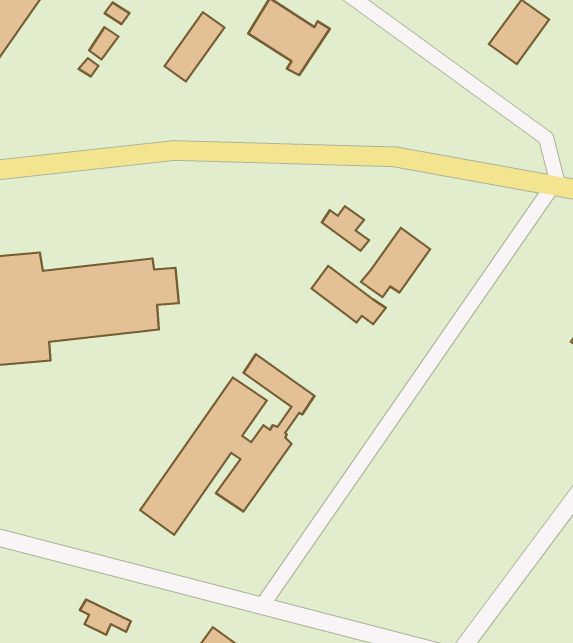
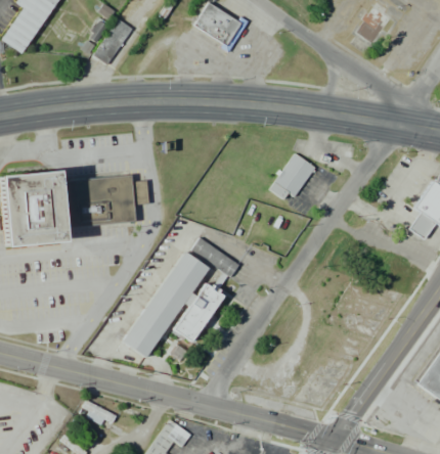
building: [164,12,225,82] -> [94,18,134,64]
building: [322,206,369,251] -> none
building: [311,266,386,324] -> none

